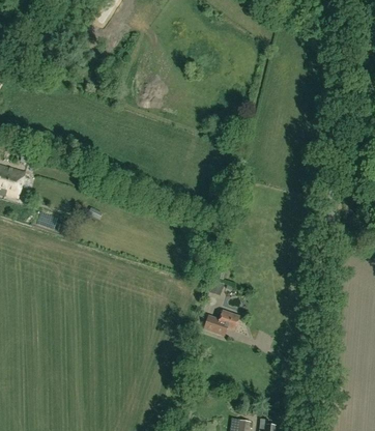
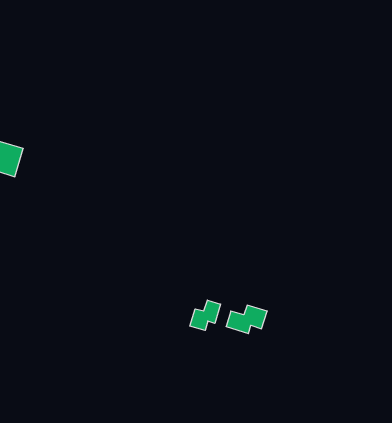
building: none -> [190,300,221,330]

